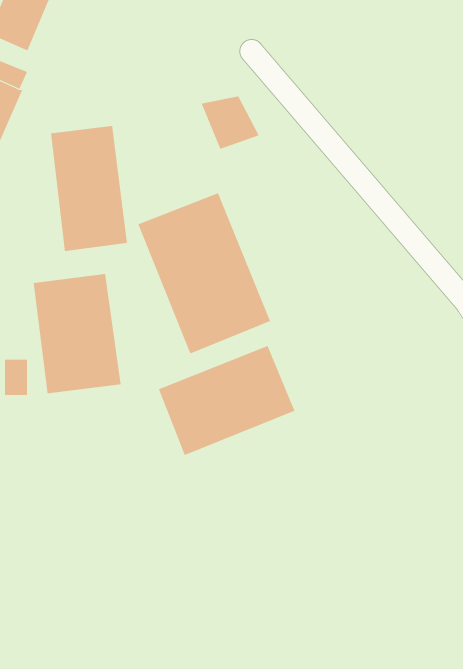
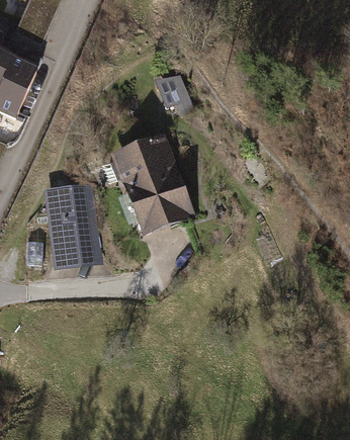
building: [51,125,128,252] -> none
building: [158,345,295,456] -> none

